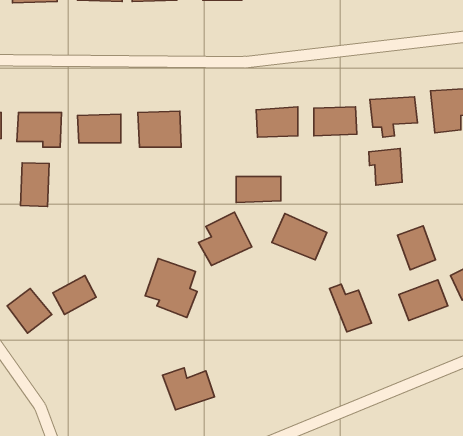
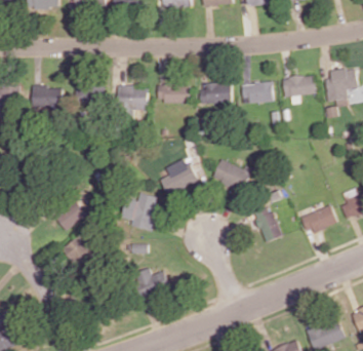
building: [369,149,402,185] -> none
building: [21,163,49,206] -> none
building: [236,176,281,202] -> [156,84,188,103]
building: [397,226,436,270] -> none
building: [7,288,52,333] -> [62,236,93,268]

